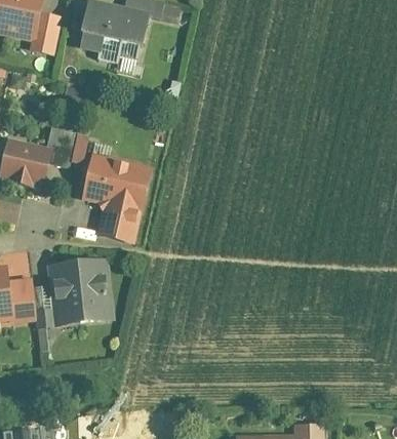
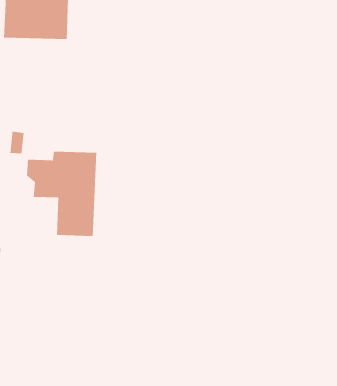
building: [54,257,113,328] -> none

